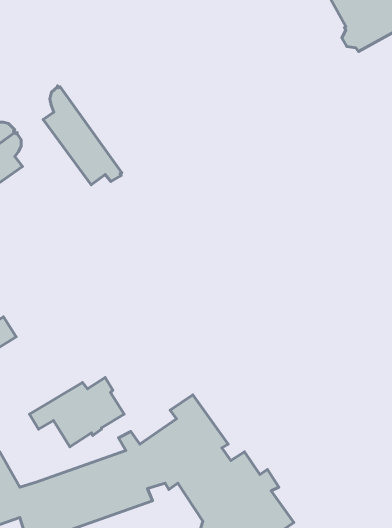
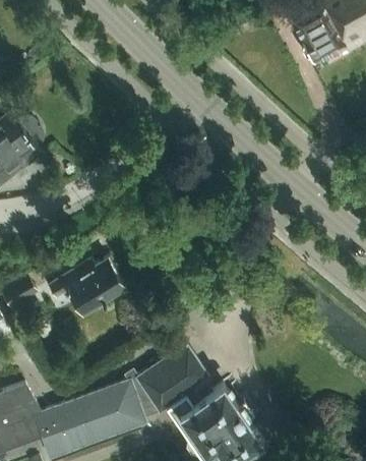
building: [43,86,122,185] -> none
building: [30,377,124,447] -> [50,256,126,312]

